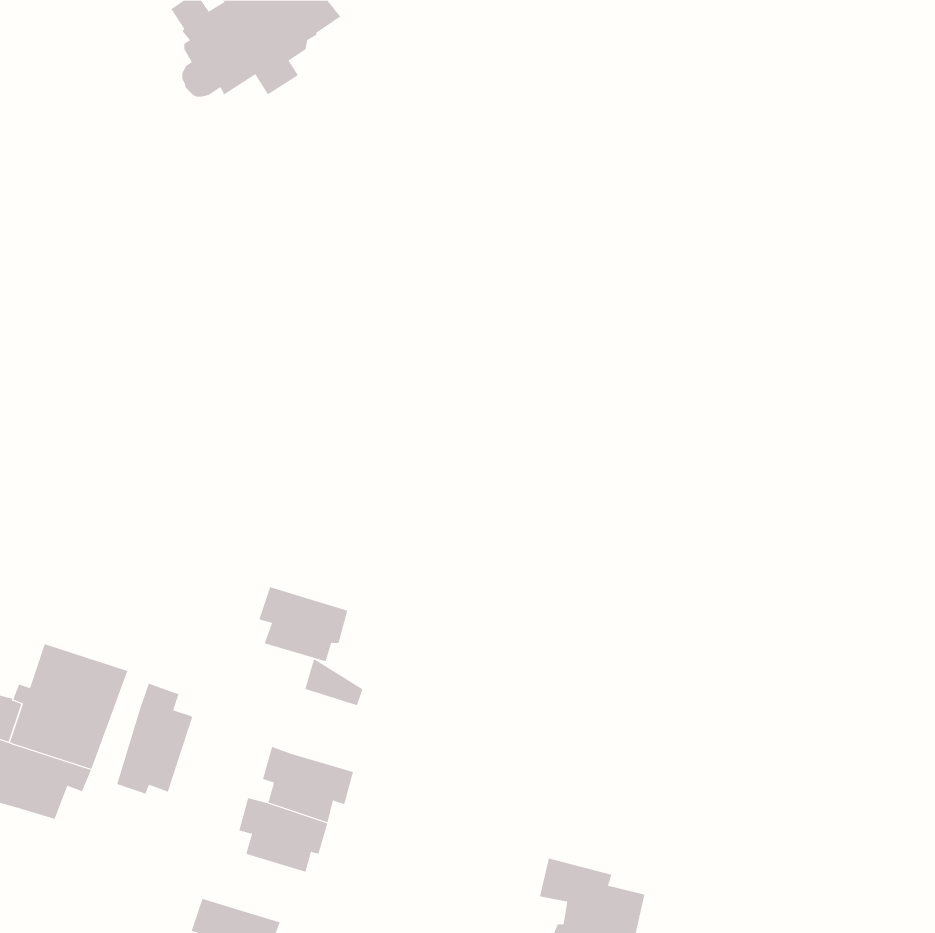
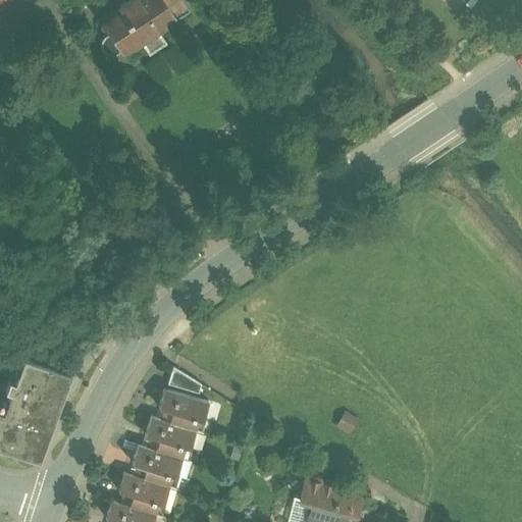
building: [258,587,348,662] -> [159,389,209,431]
building: [116,683,193,794] -> none
building: none -> [119,473,170,515]

